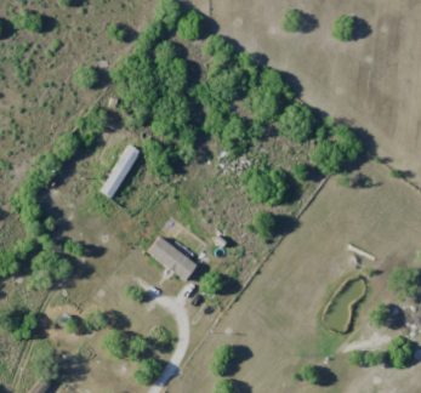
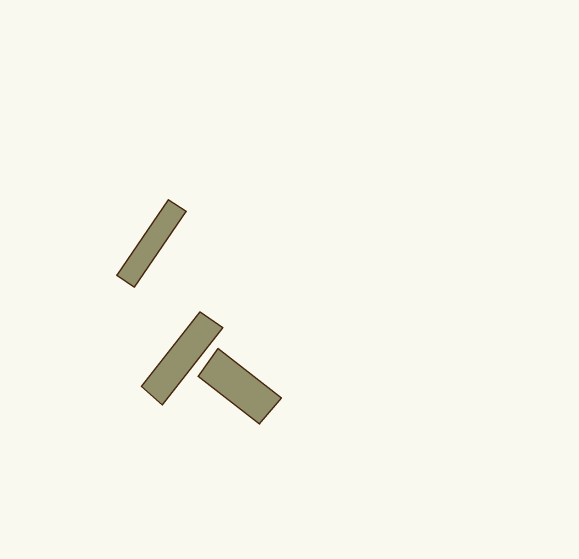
building: none -> [141,312,223,405]

